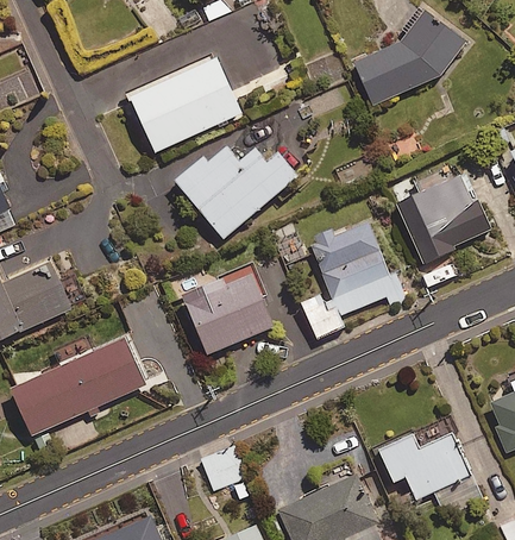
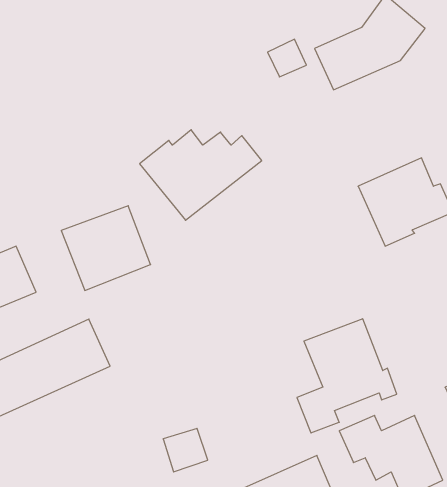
building: [130,56,241,151] -> none
building: [301,222,402,338] -> [297,319,397,433]
building: [183,268,274,353] -> [61,206,151,290]

